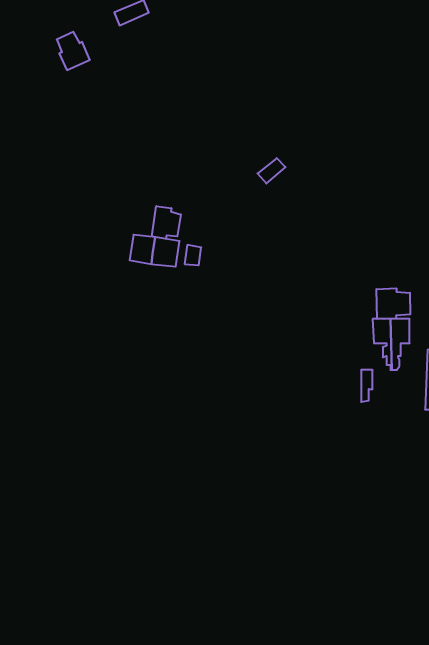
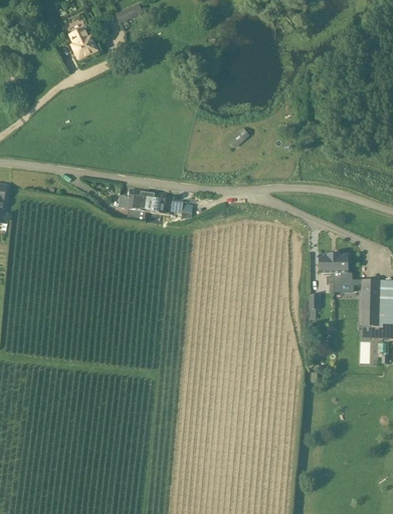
building: [152,206,181,239] -> none
building: [376,288,410,319] -> none

